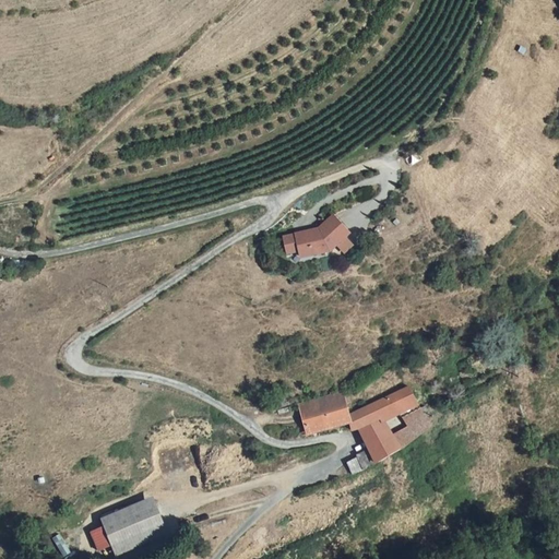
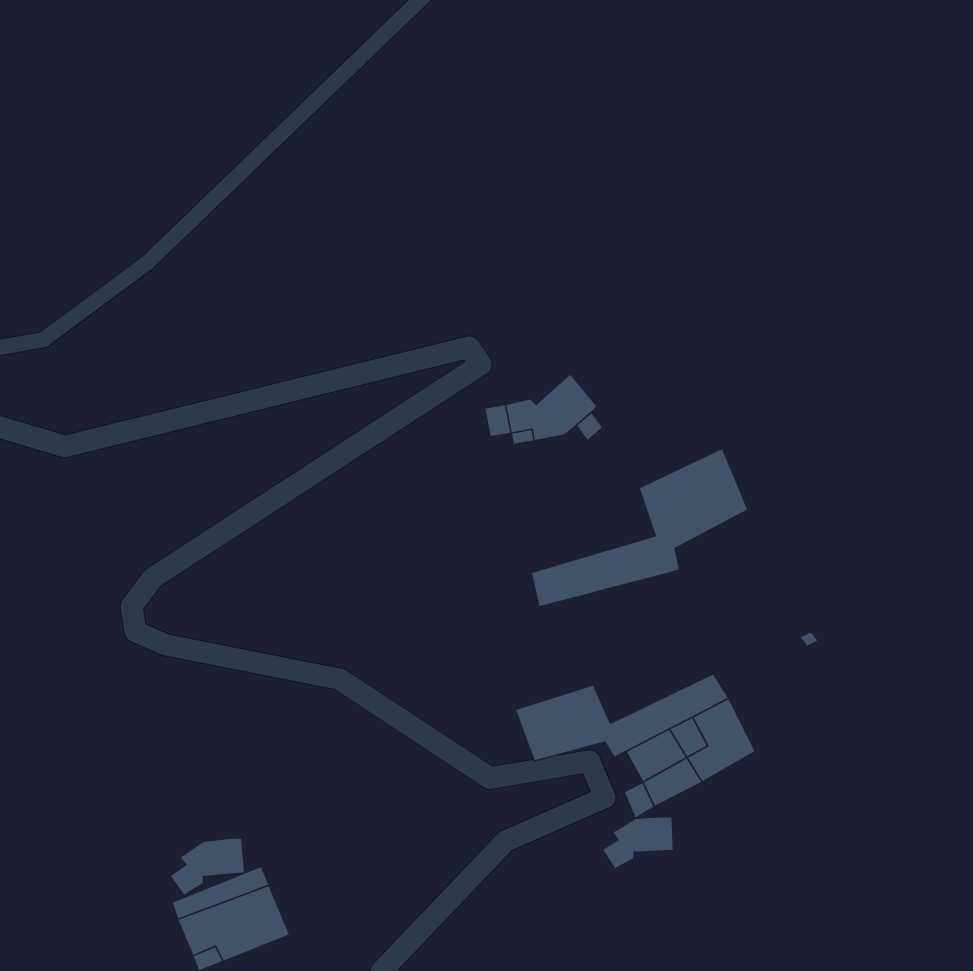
building: none -> [531,448,748,607]
building: none -> [602,817,674,869]
building: none -> [170,838,245,896]

